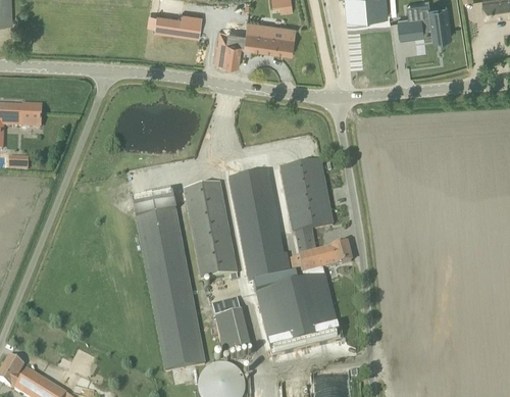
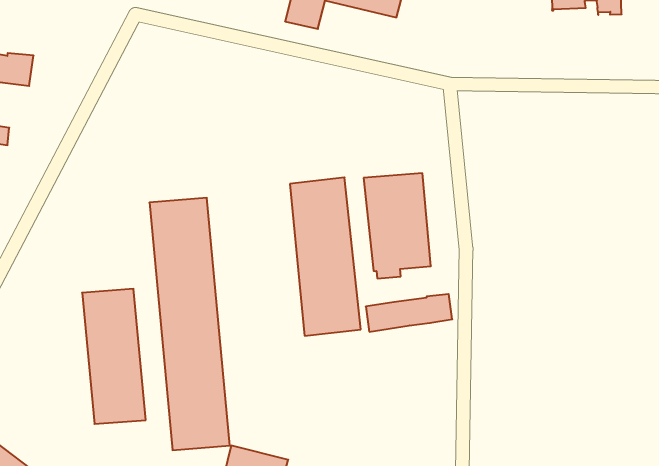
building: [184,181,237,278] -> [82,289,146,424]
building: [256,272,341,354] -> none
building: [215,305,251,354] -> none

